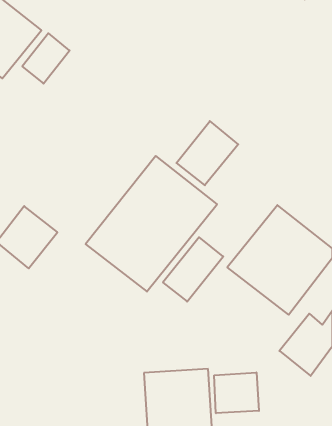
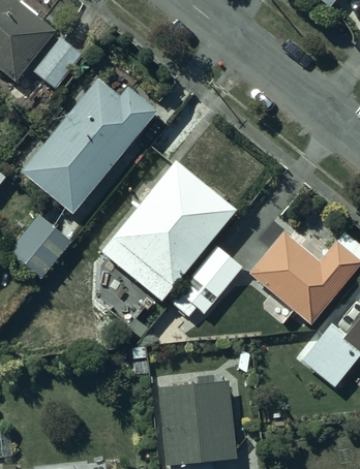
building: none -> [26,71,156,213]
building: [176,121,238,185] -> none
building: [214,372,259,413] -> none

